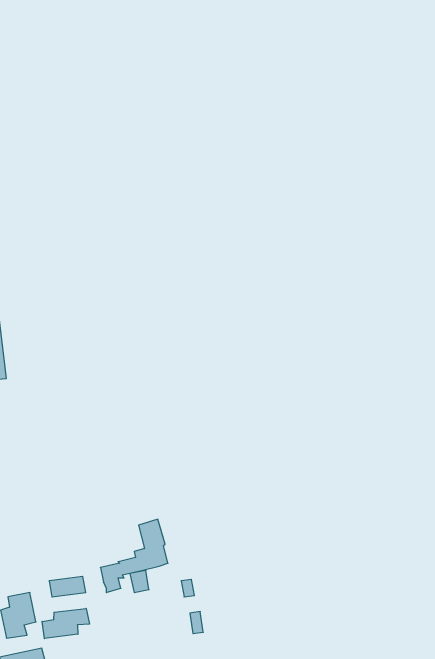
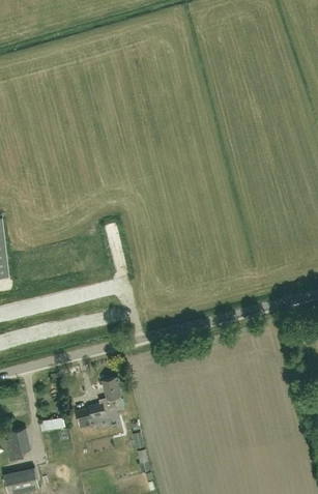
building: [42,608,89,639] -> none

